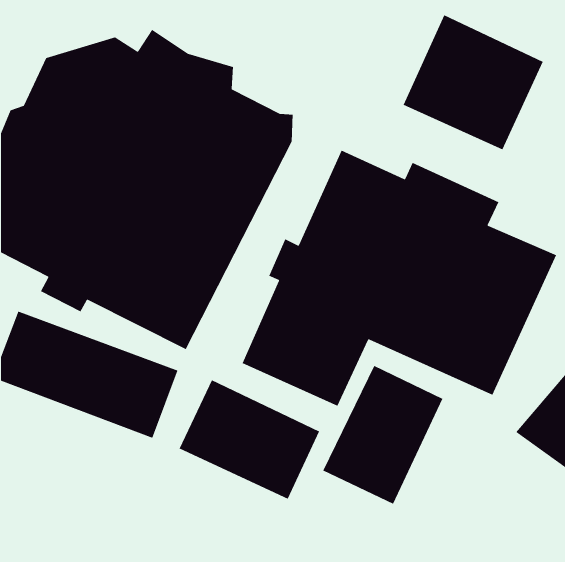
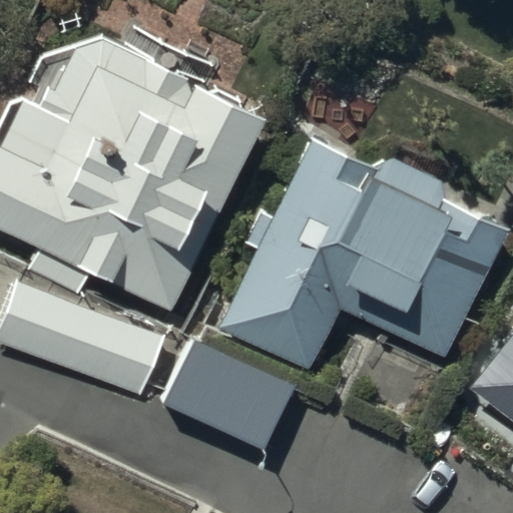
building: [402,14,544,150] -> none
building: [322,365,443,505] -> none

